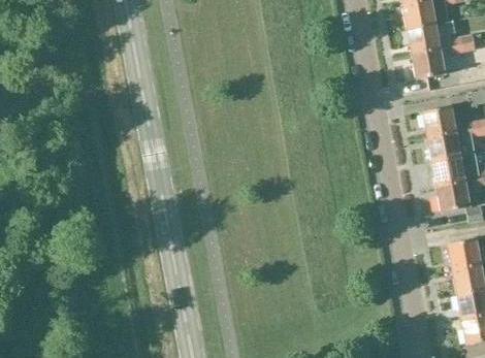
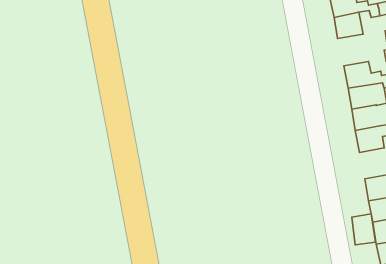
building: none -> [352,214,376,245]

